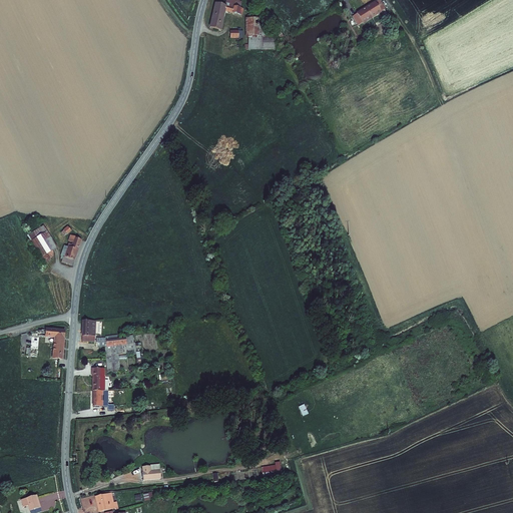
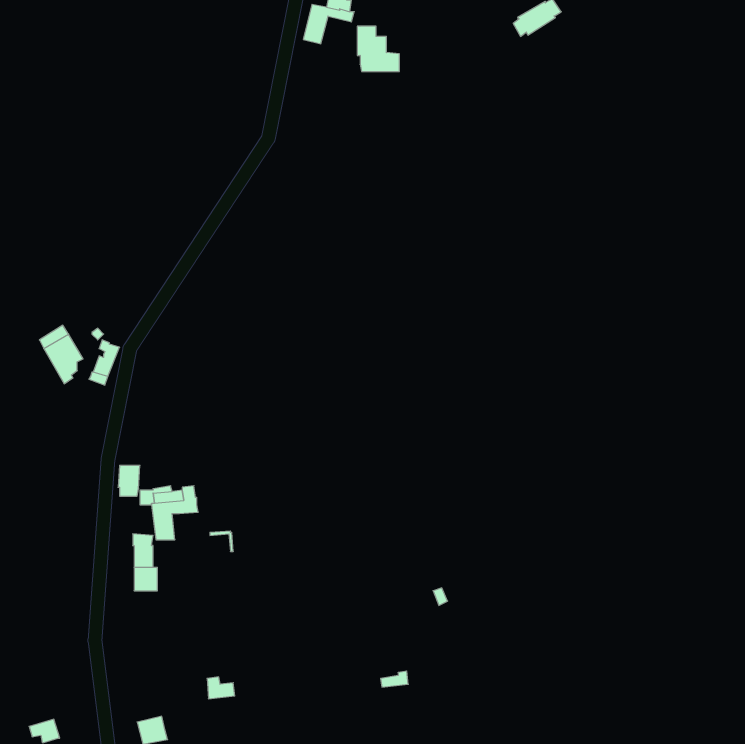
building: [45,327,65,359] -> none

